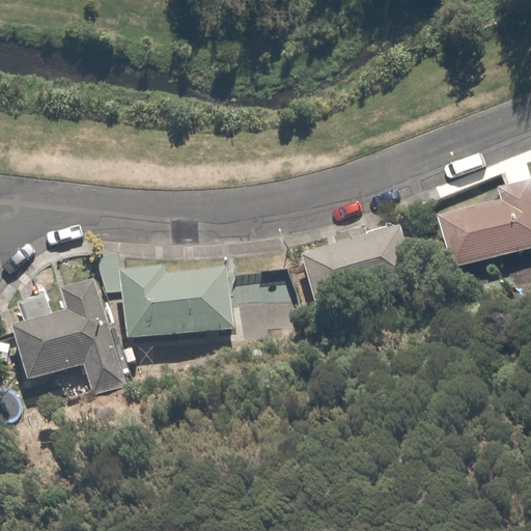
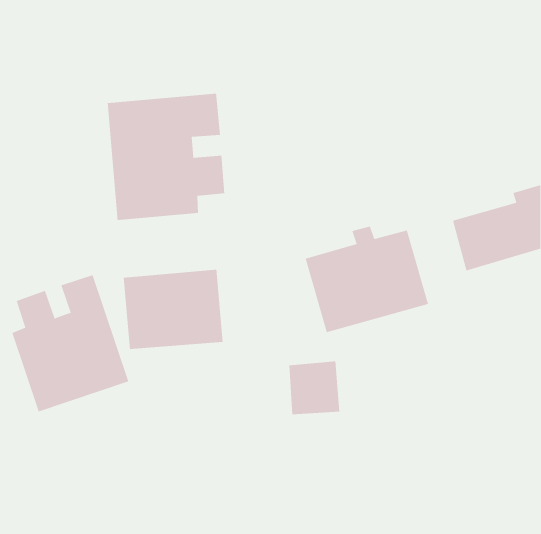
building: none -> [107,93,225,221]
building: [234,271,285,324] -> [288,361,340,415]

